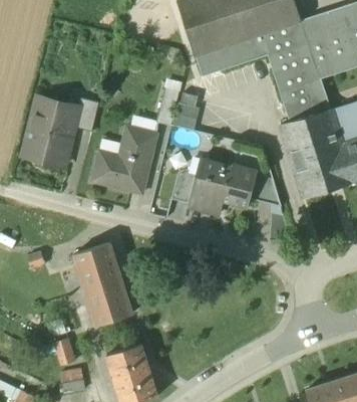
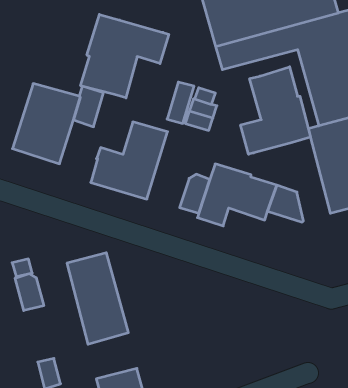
building: none -> [81,14,169,98]
building: none -> [241,67,310,154]
building: none -> [15,274,44,311]

